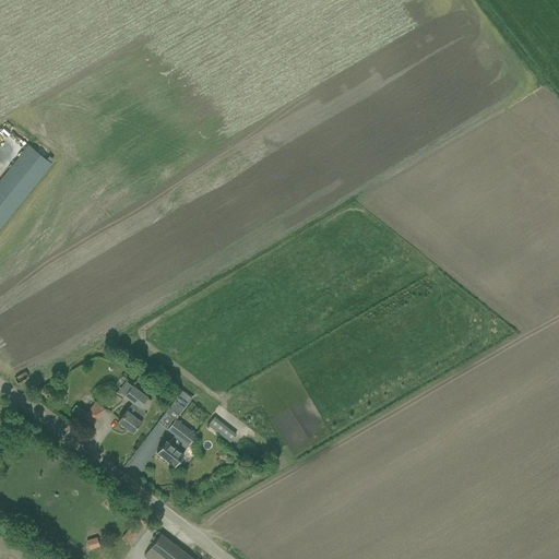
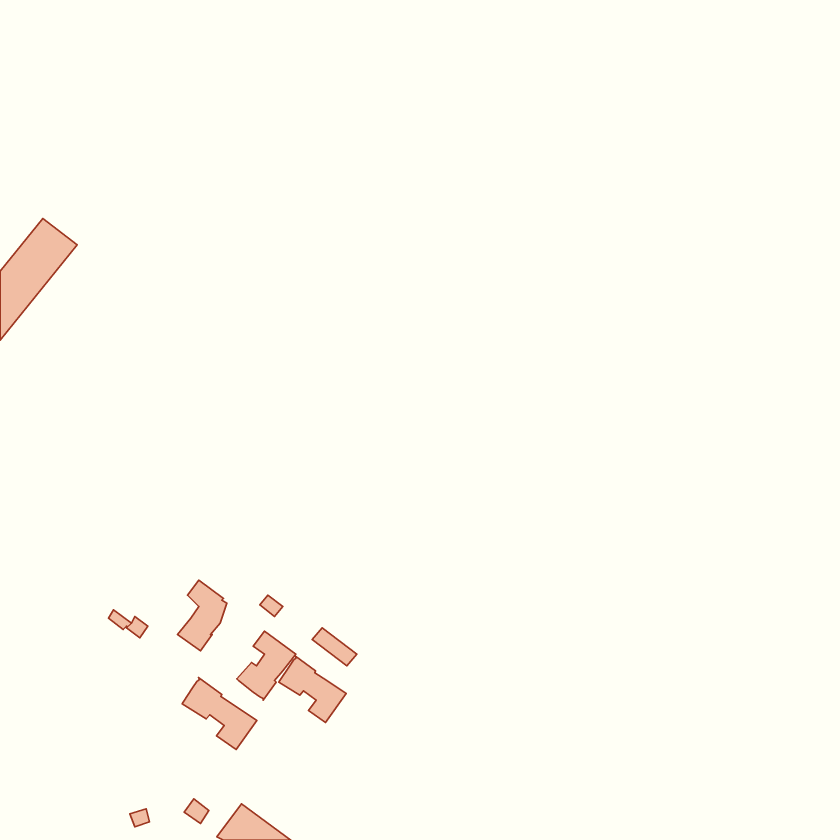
building: none -> [279,656,346,722]
building: none -> [182,678,257,749]

